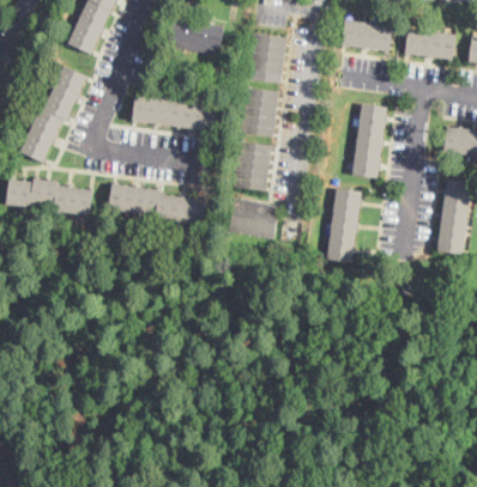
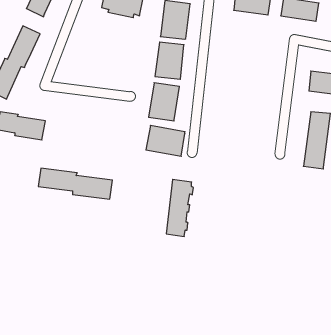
building: [131,95,217,132] -> none
building: [350,103,387,178] -> none
building: [108,185,206,226] -> [38,168,112,199]
building: [326,188,362,263] -> [166,179,193,236]

